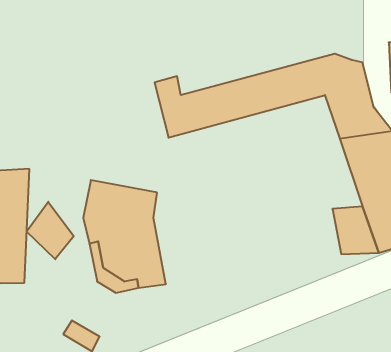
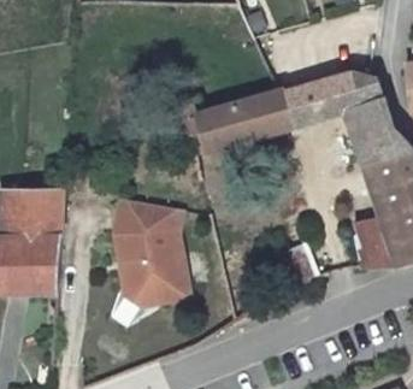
building: [27,202,74,259] -> none

